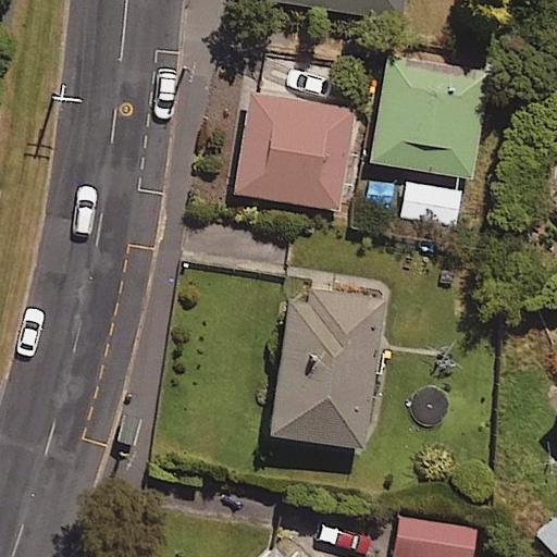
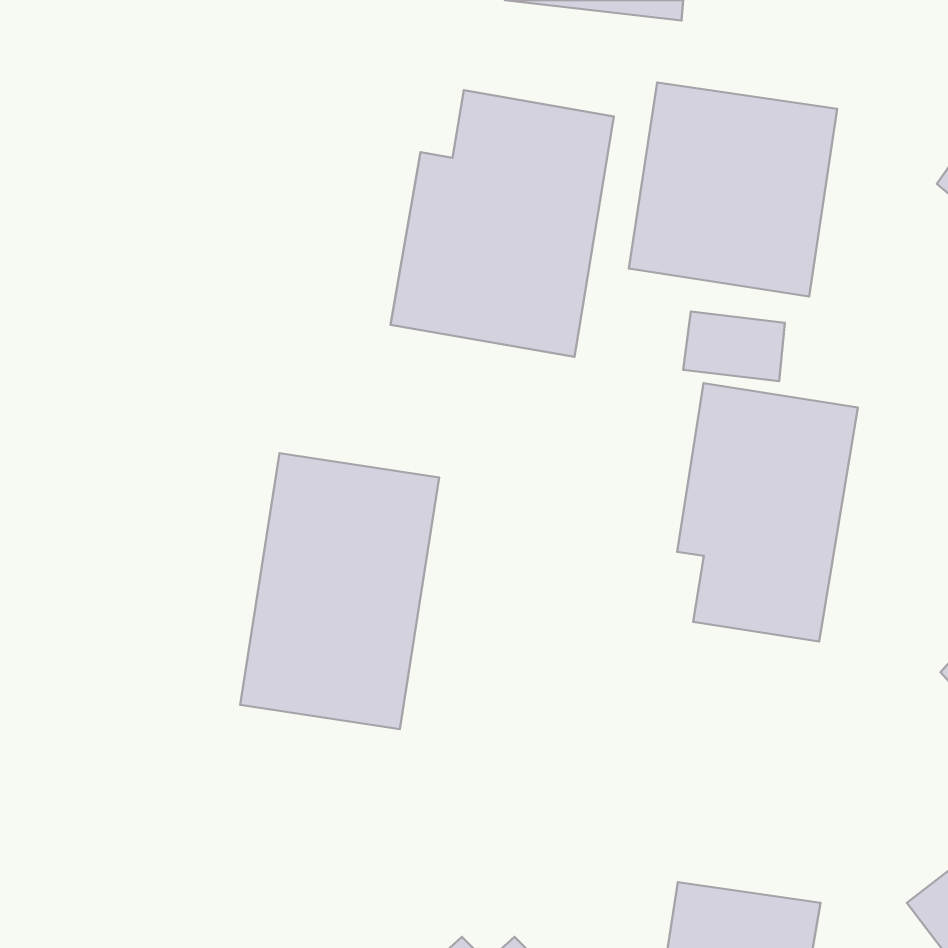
building: none -> [677,383,858,641]
building: [269,288,384,448] -> [240,453,439,729]

